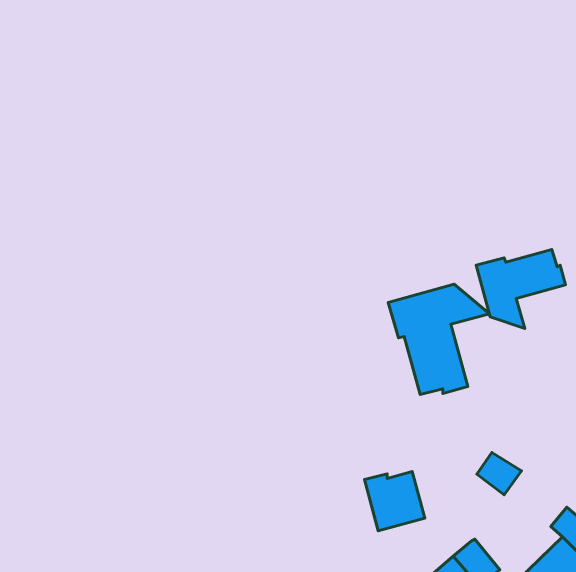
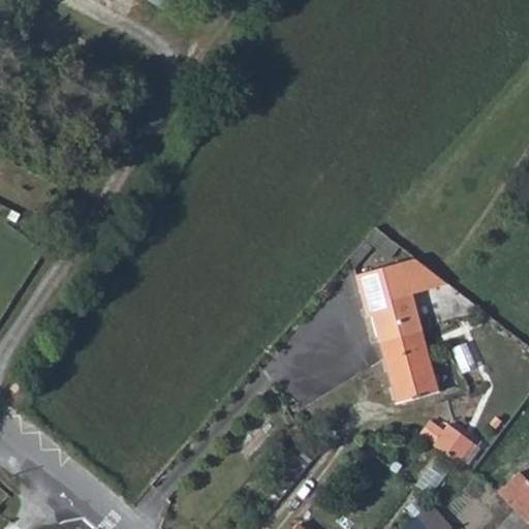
building: [476,249,566,329] -> none
building: [365,472,425,531] -> [386,360,441,413]

